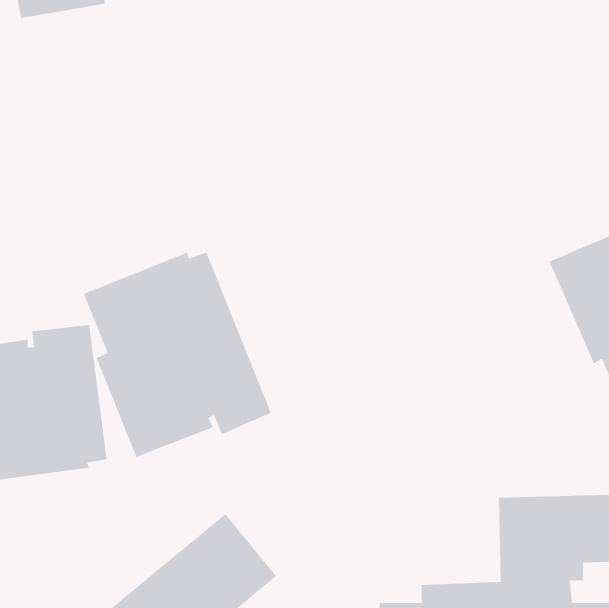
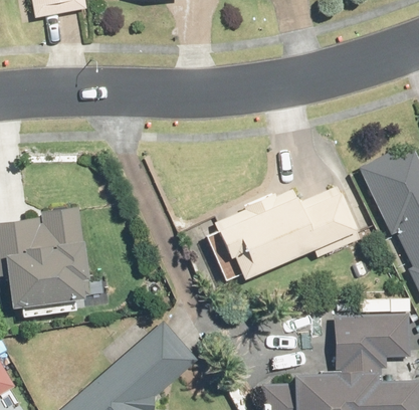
building: [83,251,272,458] -> none
building: none -> [212,182,362,274]

